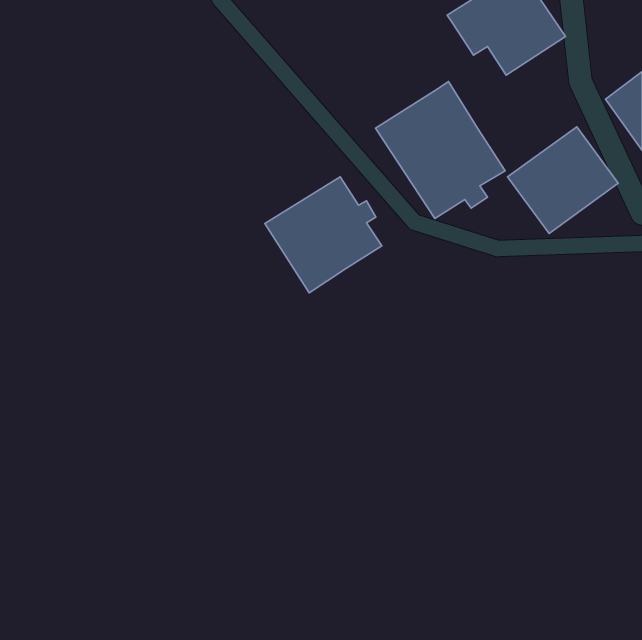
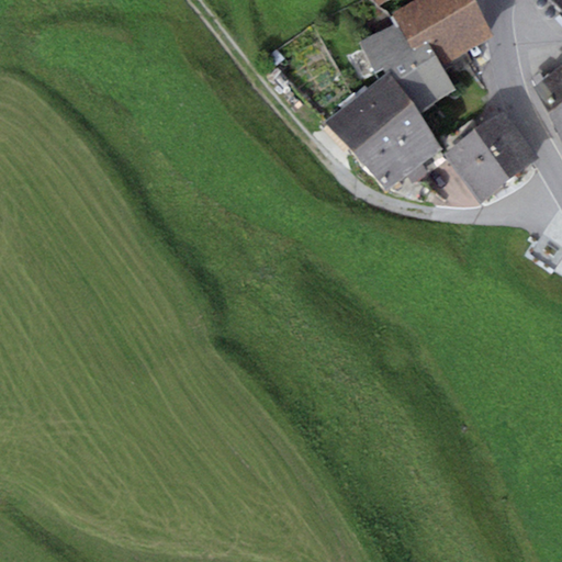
building: none -> [359,20,456,112]
building: [265,177,382,293] -> none

